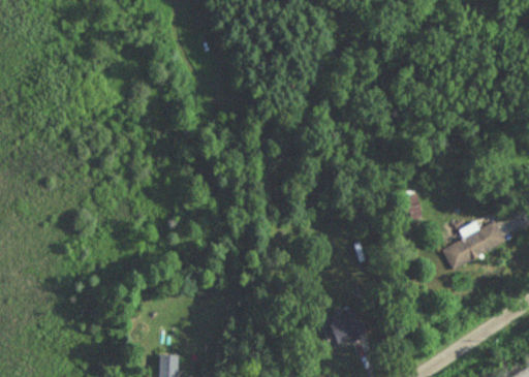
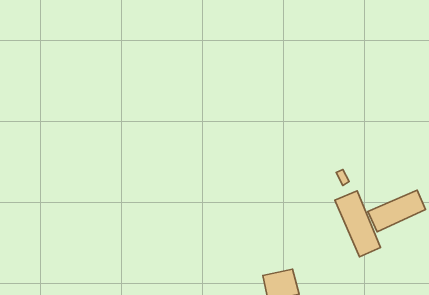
building: none -> [335,191,380,257]

